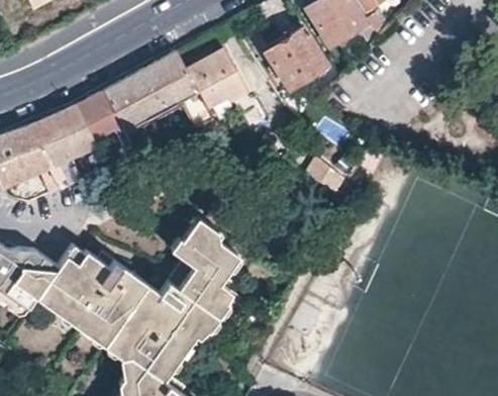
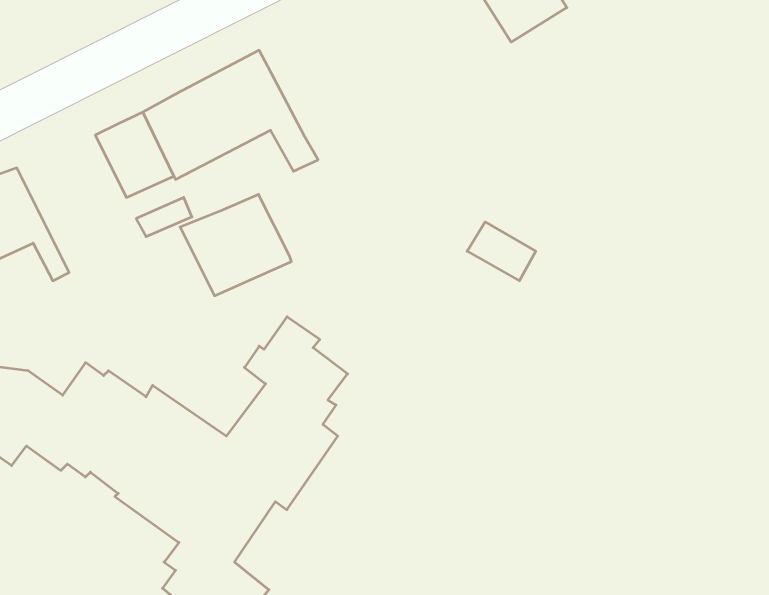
building: [266,31,328,92] -> none
building: [187,52,246,107] -> none
building: [28,106,97,169] -> [180,194,291,296]

